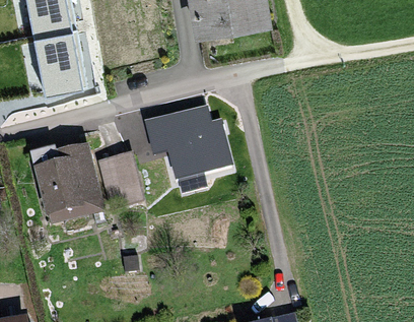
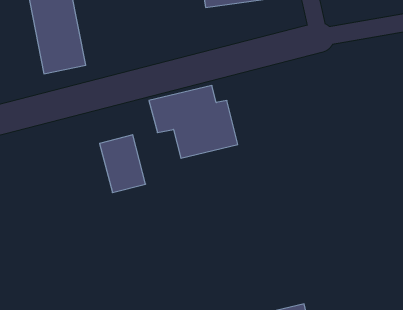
building: [32,143,102,221] -> none

